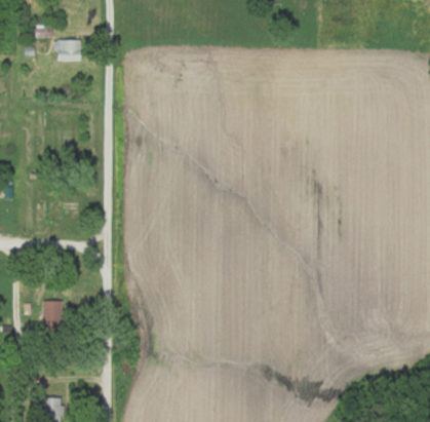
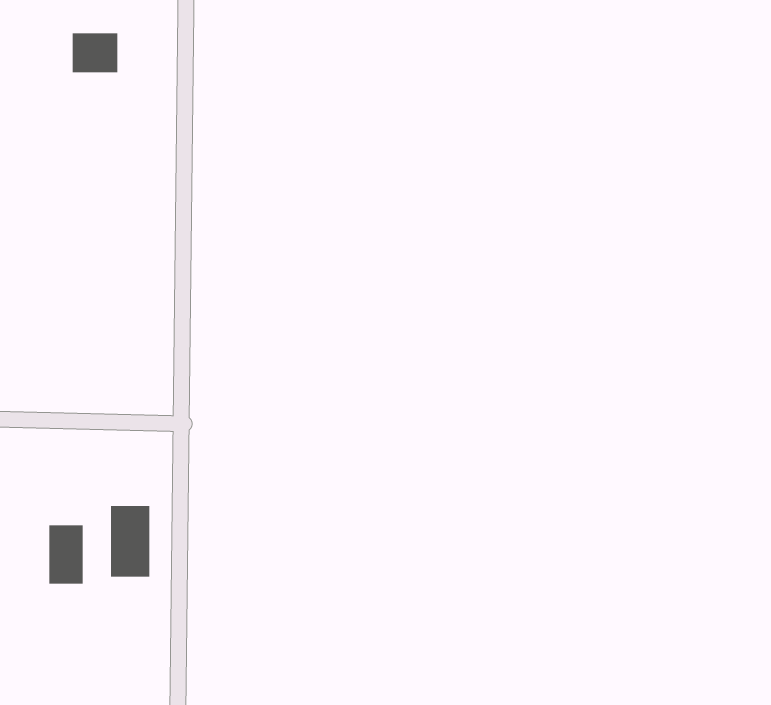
building: none -> [110,505,150,578]

